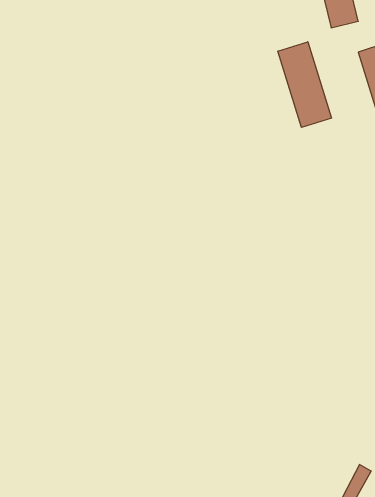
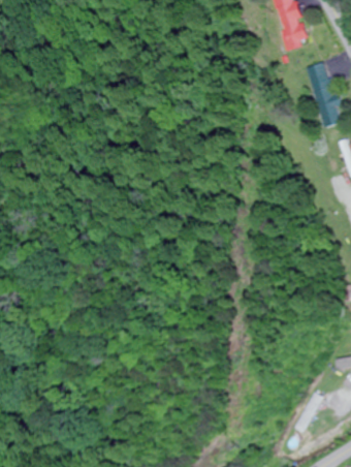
building: [278,42,332,127] -> none

